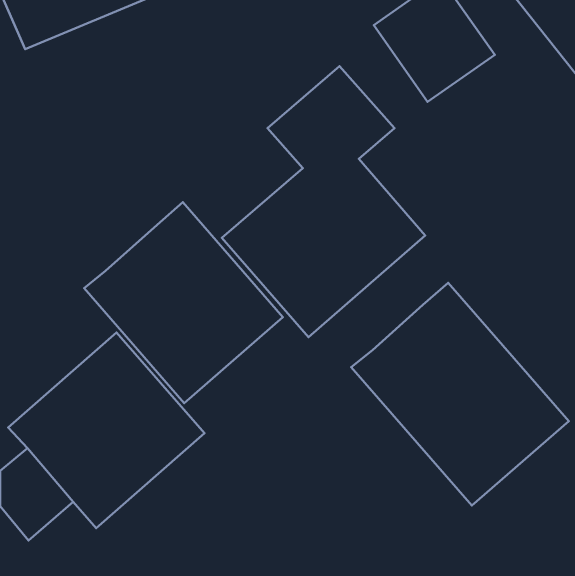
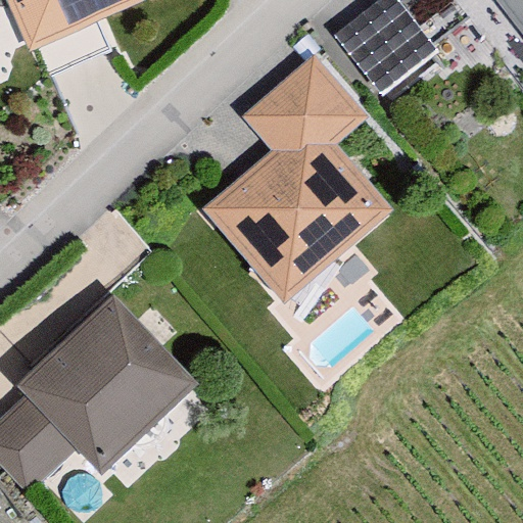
building: [84,202,283,403] -> none
building: [351,283,569,505] -> none

